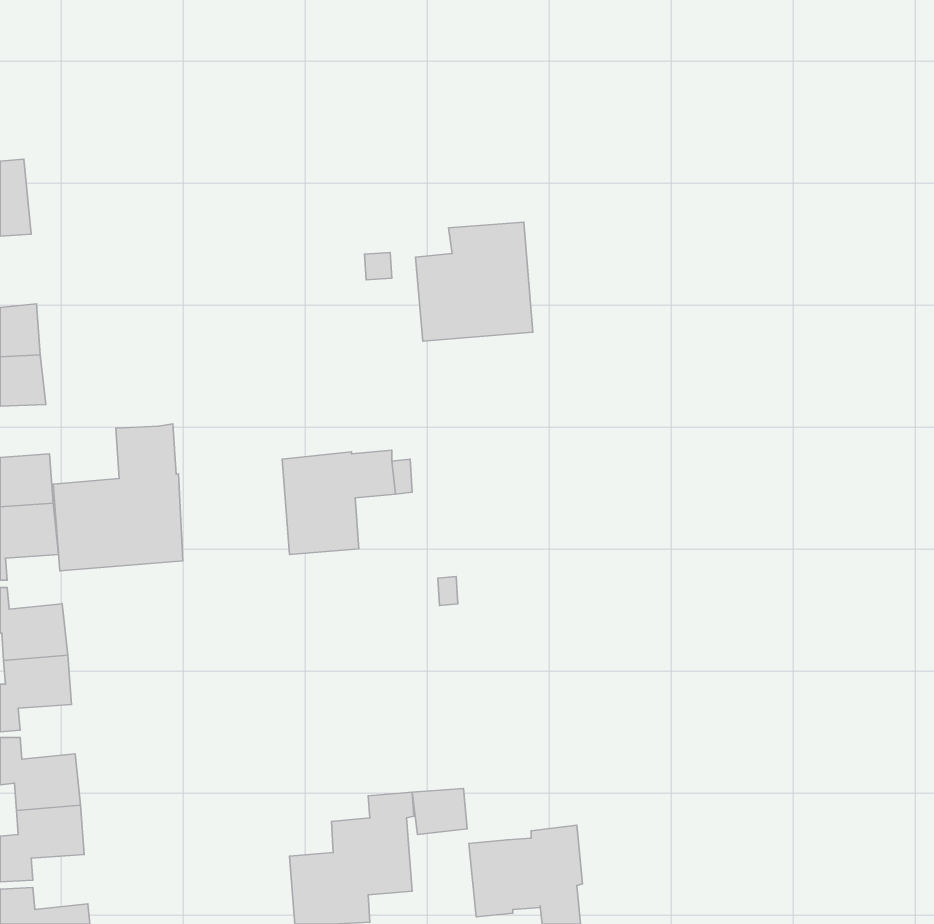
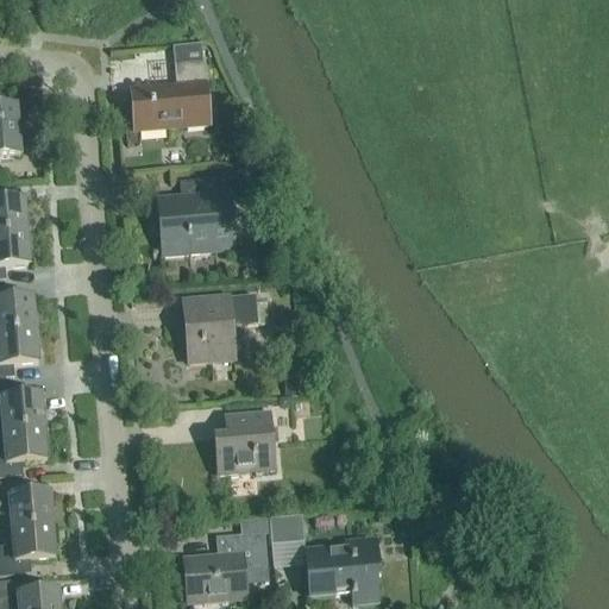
building: none -> [130,57,209,142]
building: [416,222,533,341] -> [158,175,234,252]
building: [53,424,183,571] -> none
building: none -> [214,410,275,472]

